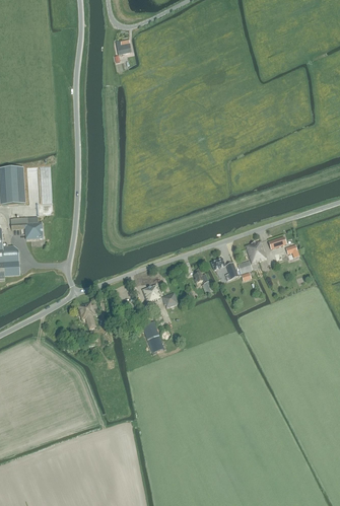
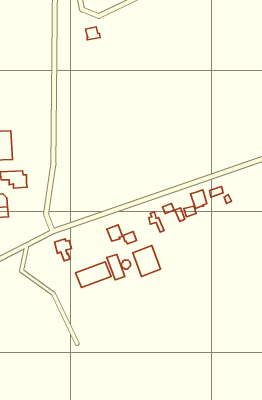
building: none -> [133,246,160,276]
building: none -> [76,262,111,288]

